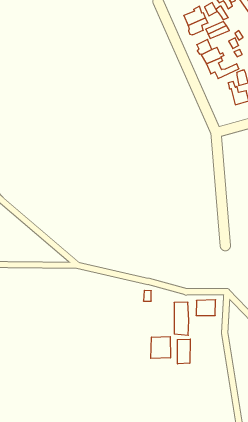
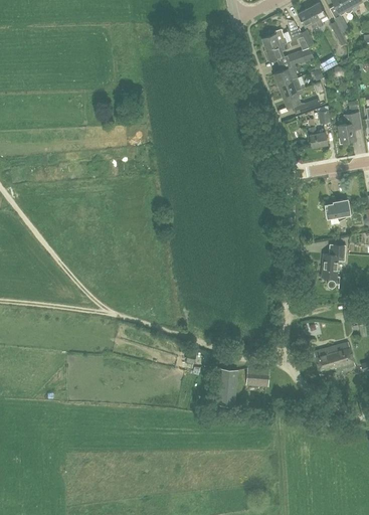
building: [151,337,170,358] -> none
building: [177,339,190,364] -> none

